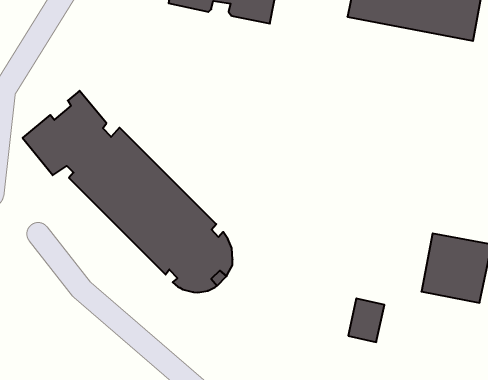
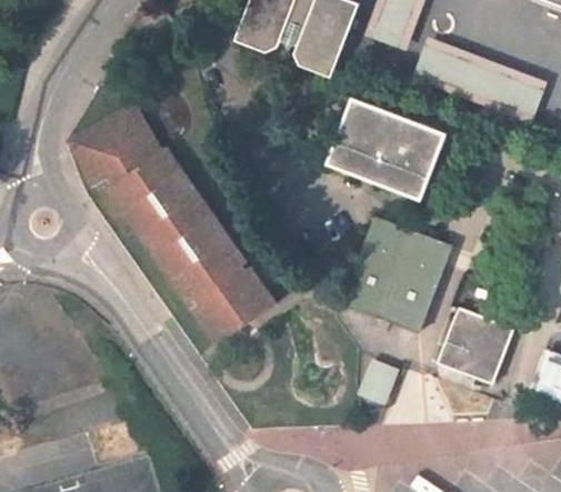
building: none -> [328,97,447,198]
building: none -> [341,215,452,332]

